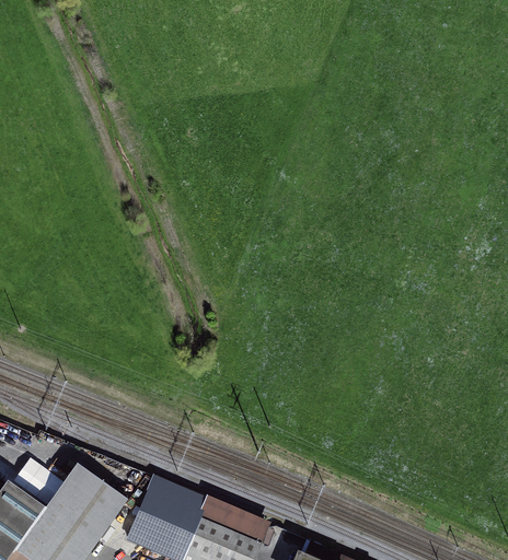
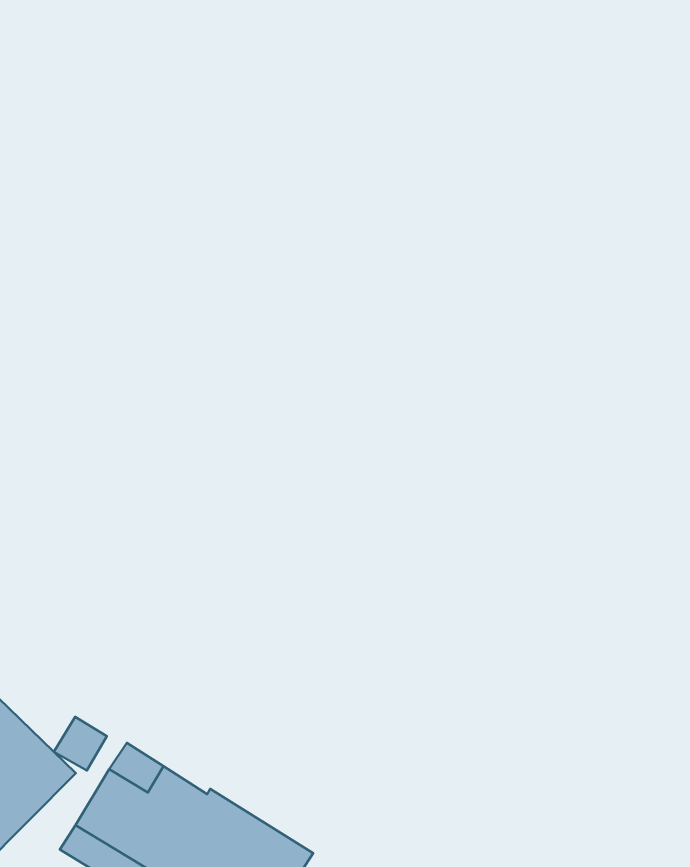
building: none -> [54,717,107,770]

